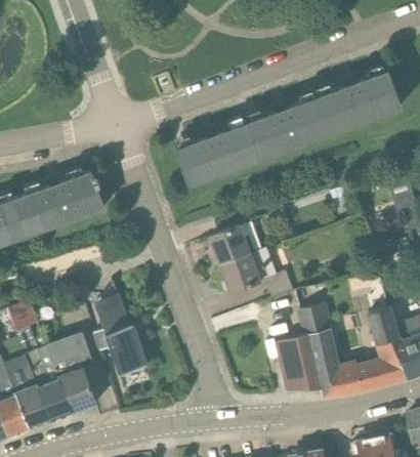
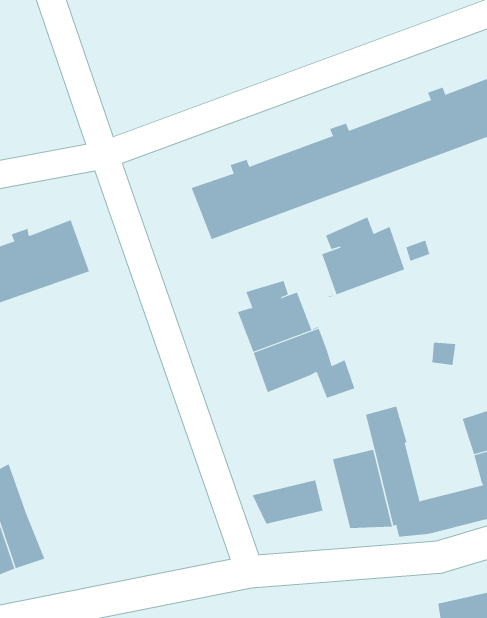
building: none -> [322,217,405,298]
building: [93,295,146,375] -> none
building: [46,334,95,413] -> none
building: none -> [252,479,323,524]

